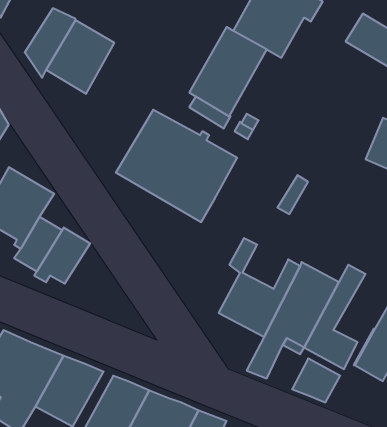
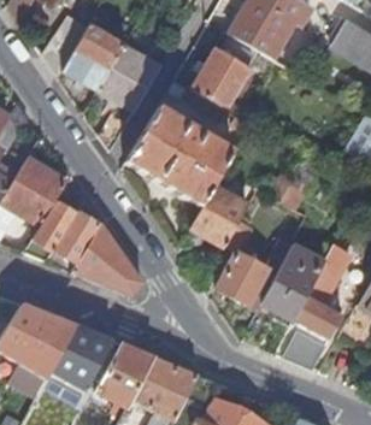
building: none -> [98,45,160,150]
building: none -> [190,185,248,247]
building: none -> [72,224,142,296]

